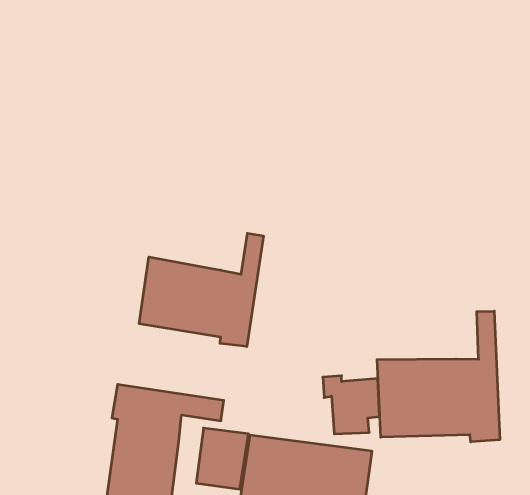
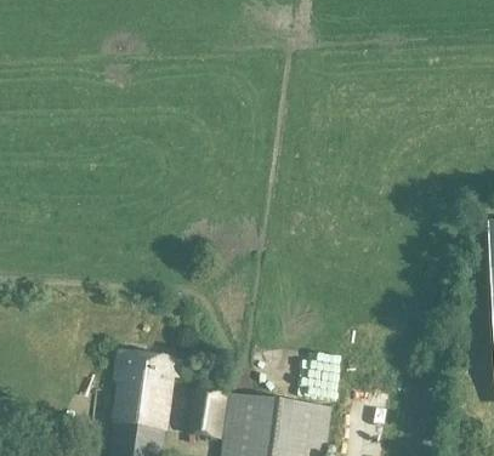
building: [139,233,263,347] -> none
building: [377,311,500,442] -> none

